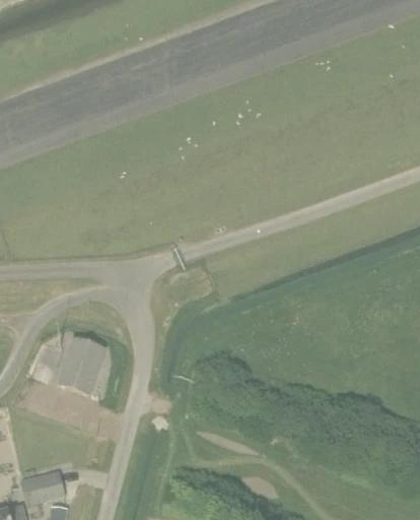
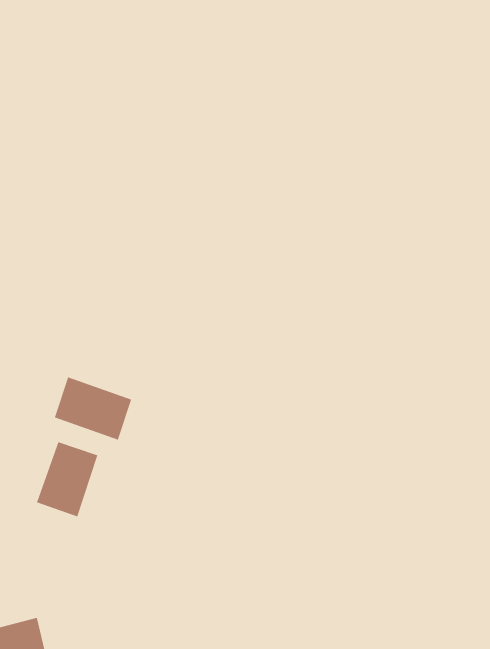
building: none -> [54,377,132,441]

